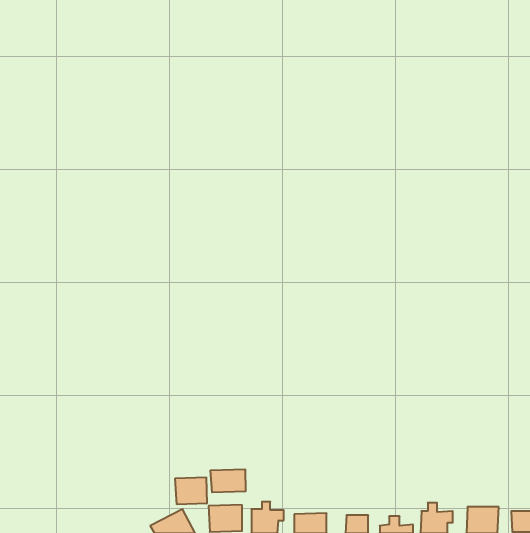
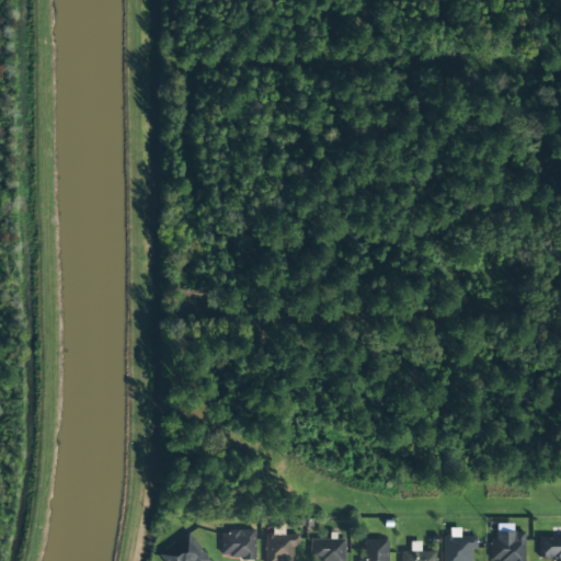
building: [211,469,246,492] -> none
building: [175,477,207,504] -> none

